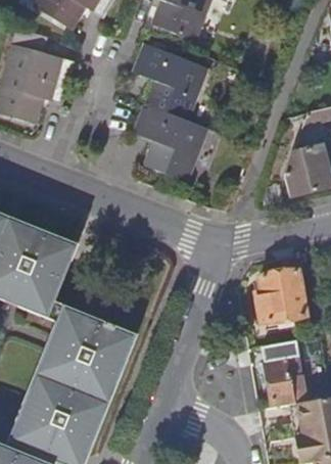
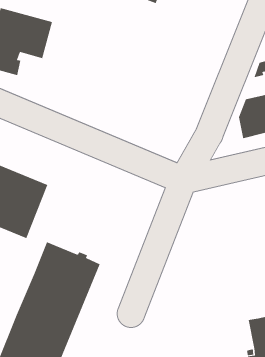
building: [135,44,205,181] -> none
building: [256,268,306,321] -> none
building: [263,338,308,406] -> none

